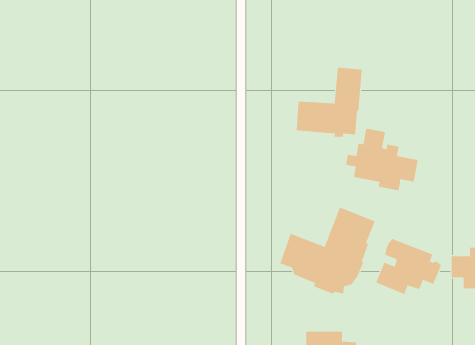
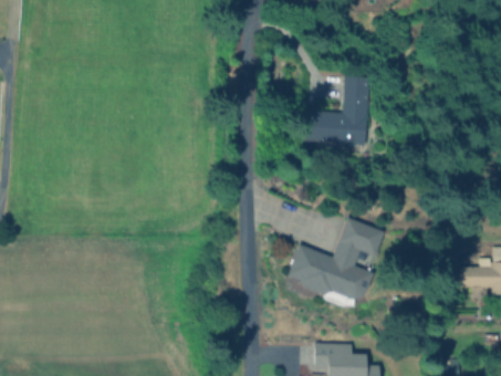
building: [346,128,418,191] -> none
building: [376,238,442,295] -> none

